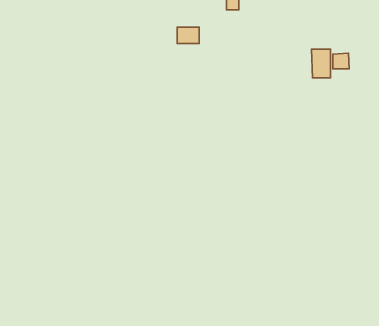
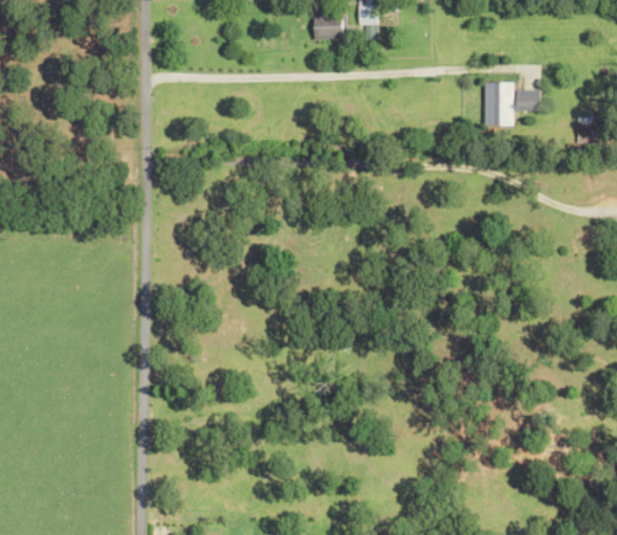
building: [177,27,199,44] -> [312,14,345,39]

